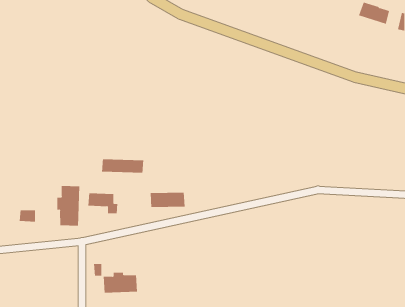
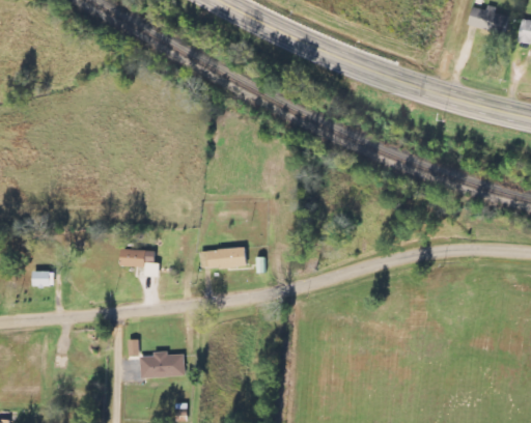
building: [101,159,144,173] -> none
building: [57,185,80,226] -> none

